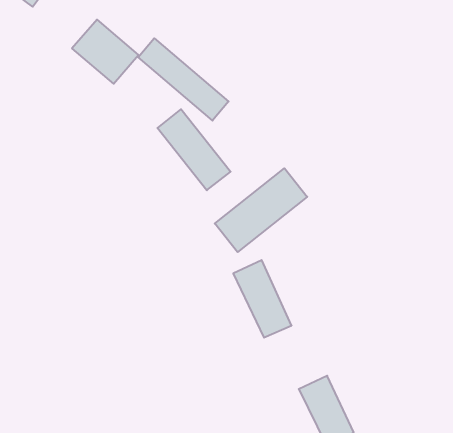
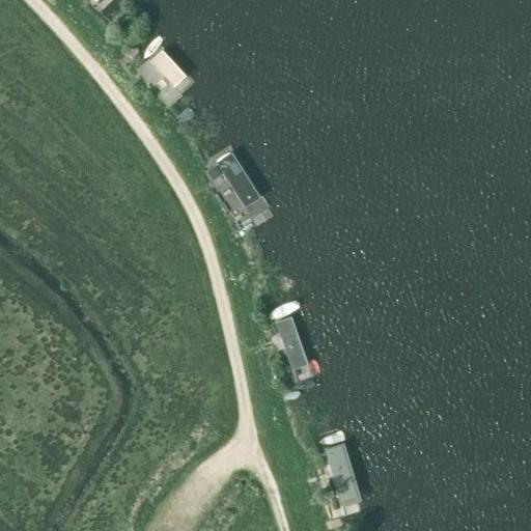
building: [138,38,229,121] -> none
building: [215,168,307,252] -> none

